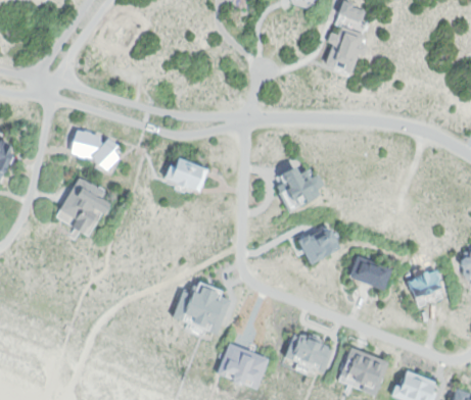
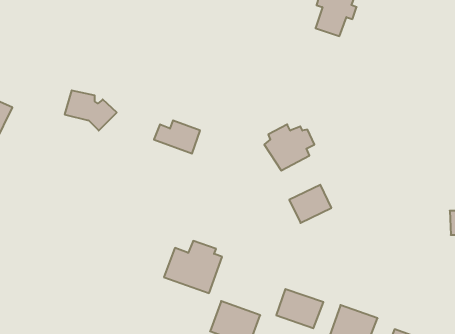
building: [53,179,110,238] -> none
building: [348,255,391,291] -> none
building: [408,268,443,298] -> none

